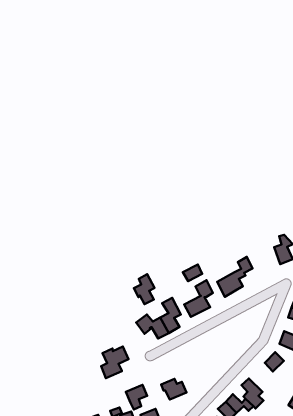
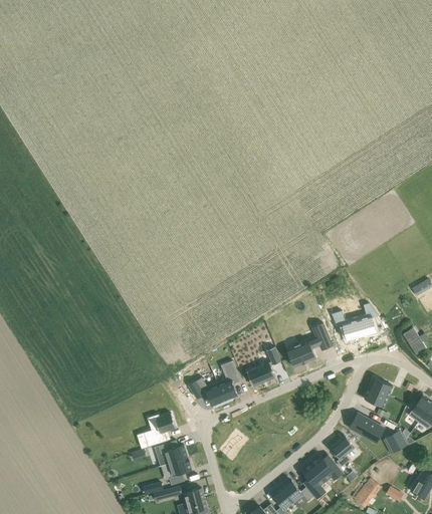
building: none -> [331,311,361,341]
building: [134,274,155,304] -> none
building: none -> [311,455,343,482]
building: [161,379,187,400] -> [161,443,189,466]

